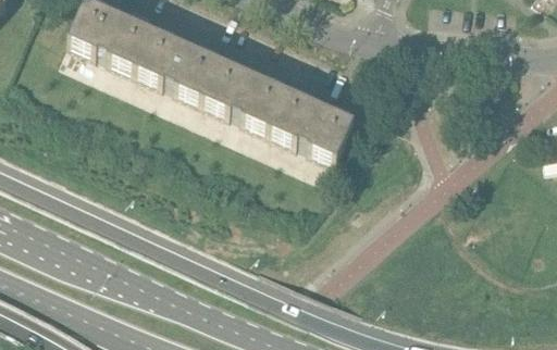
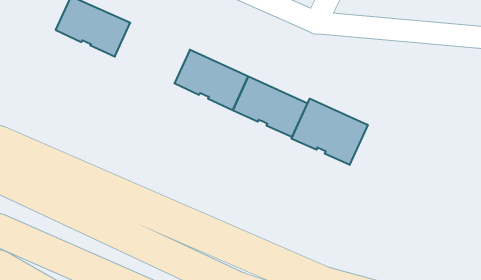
building: [136,32,221,100] -> none
building: none -> [292,99,368,165]

